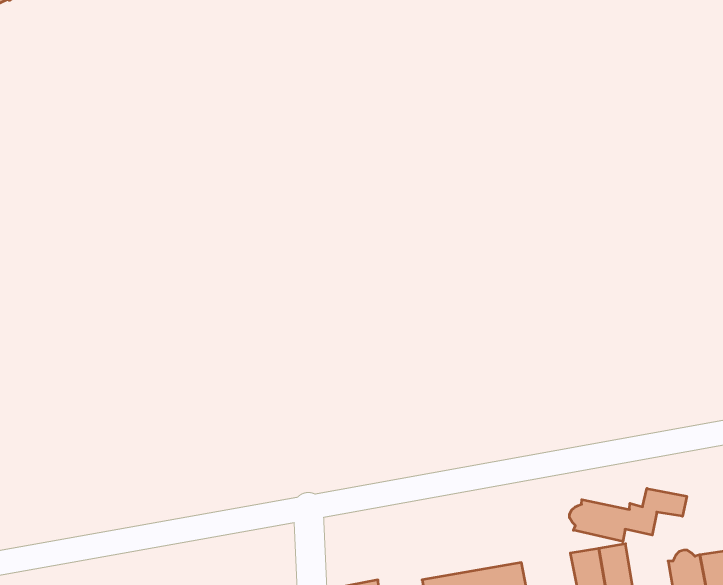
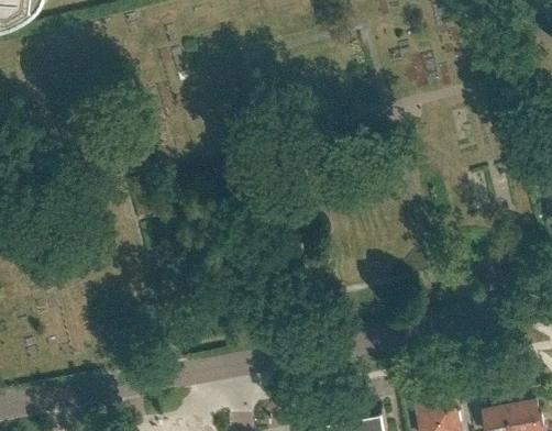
building: [569,488,687,542] -> none

